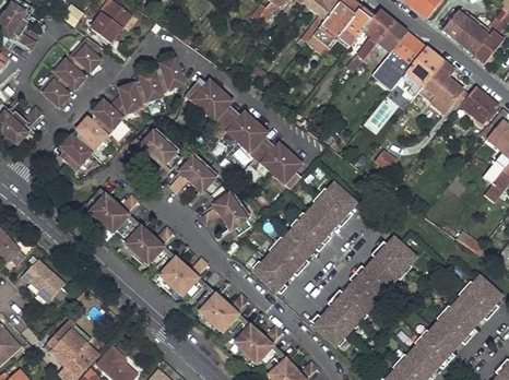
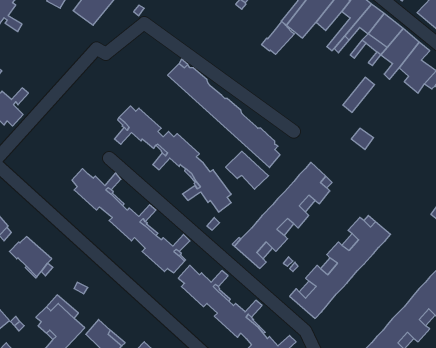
building: [39,37,99,105] -> none
building: none -> [262,22,294,54]
building: [61,61,184,170] -> none
building: none -> [226,151,269,189]

